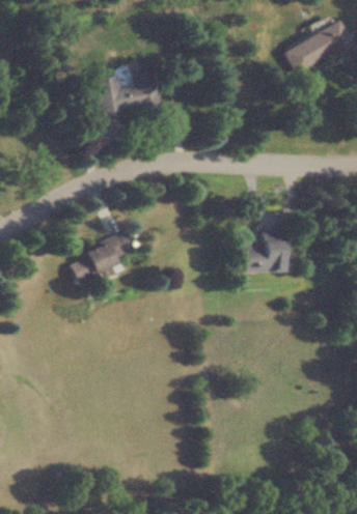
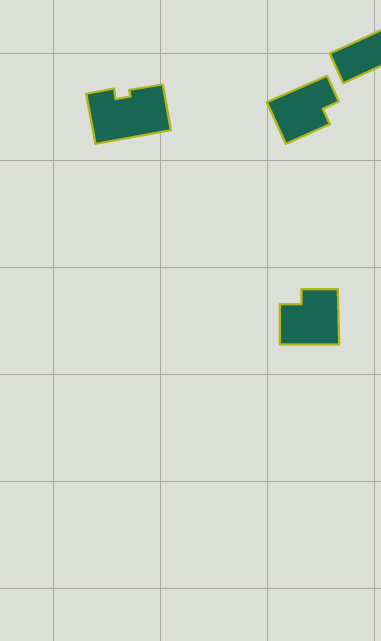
building: none -> [267,76,339,144]
building: [74,233,136,285] -> none

